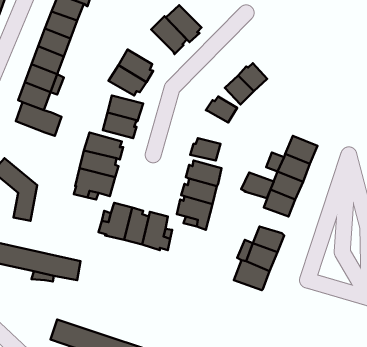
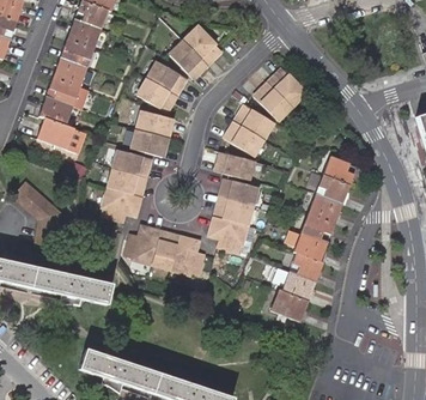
building: [166,5,202,42] -> [168,38,206,78]
building: none -> [231,126,264,154]
building: [241,172,274,198] -> [294,229,329,256]

